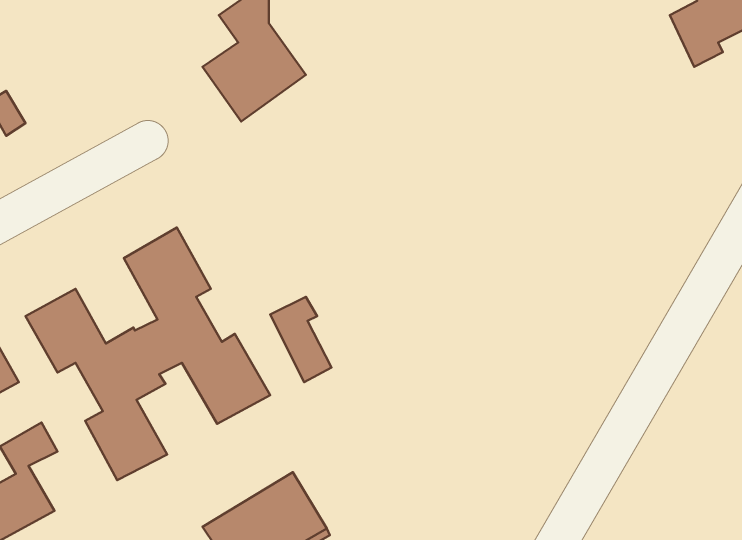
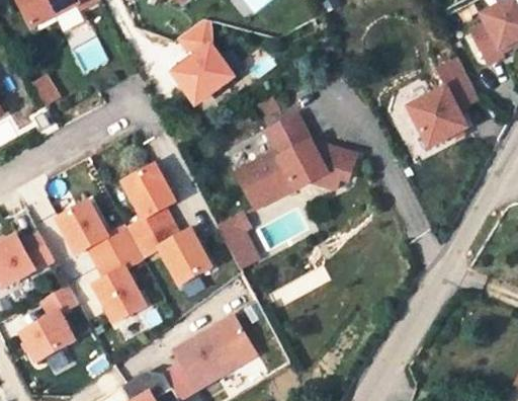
building: none -> [400,52,469,142]
building: none -> [230,109,351,203]

